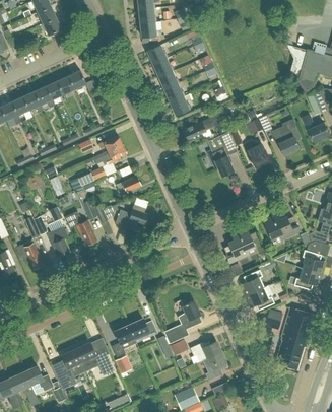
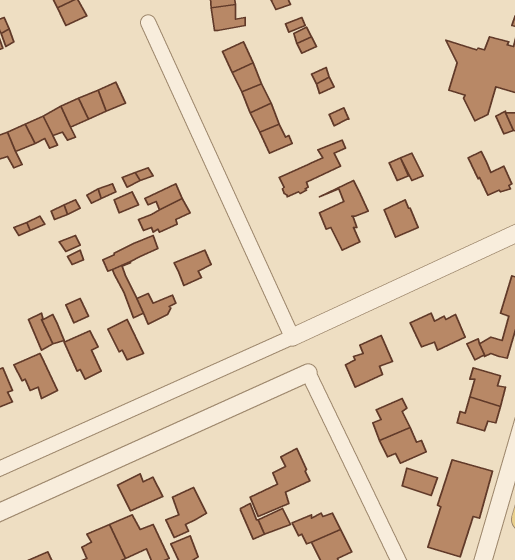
building: [272,126,301,155] -> none
building: [115,204,146,229] -> none
building: [128,318,156,341] -> [117,474,163,511]

